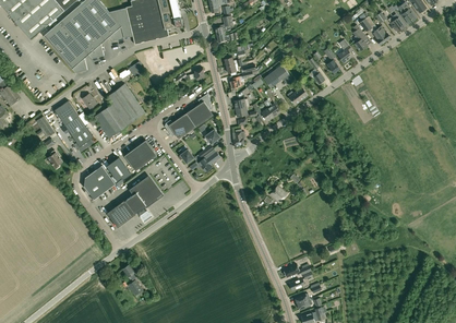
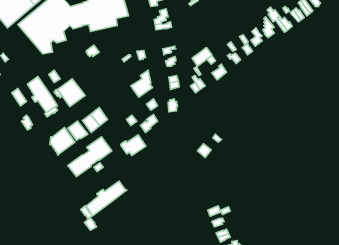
building: [107,84,145,124] -> none
building: [165,112,196,139] -> [121,135,146,156]
building: none -> [86,181,127,216]

